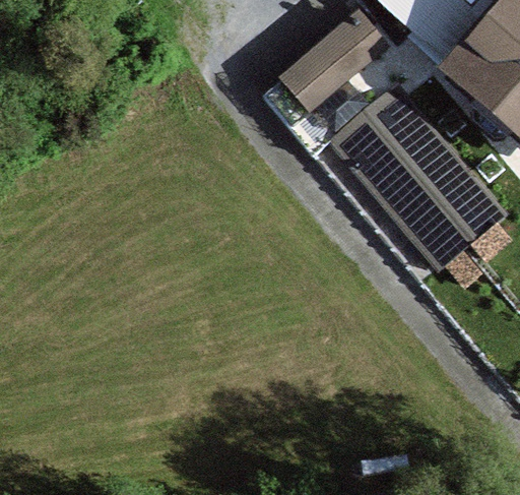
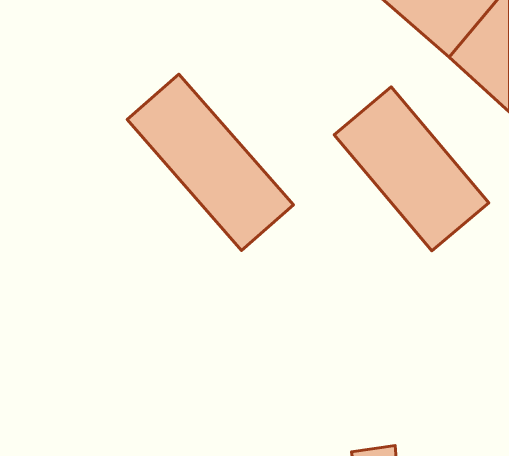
building: [264,20,404,158] -> none
building: none -> [127,74,294,251]

